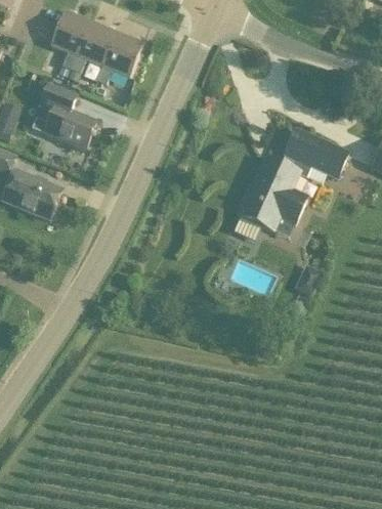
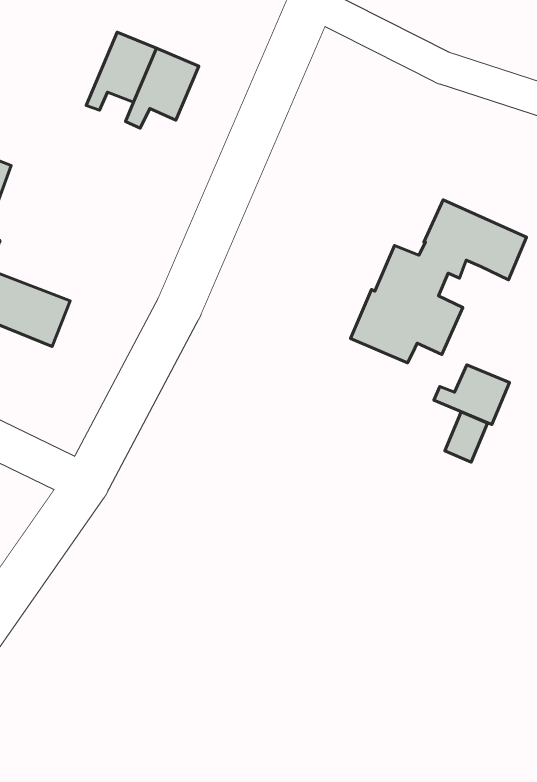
building: [48,9,91,68] -> none
building: [32,82,95,149] -> none
building: none -> [434,365,510,424]

